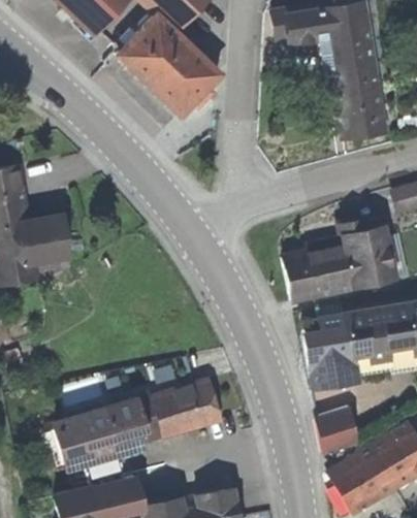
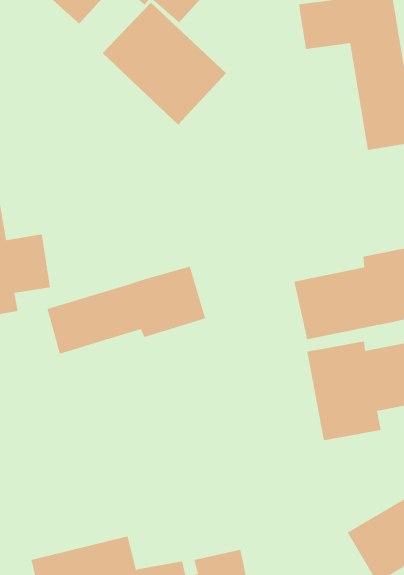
building: none -> [47,266,206,354]
building: [51,377,224,470] -> none
building: [314,407,361,453] -> none

